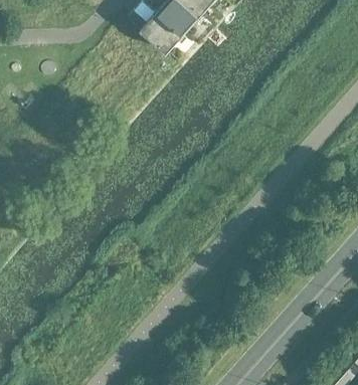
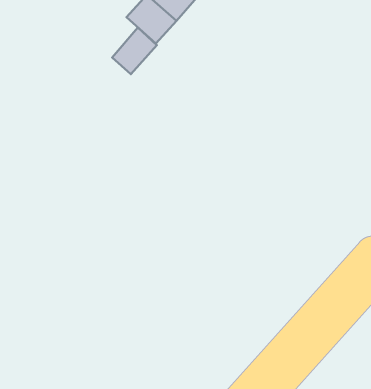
building: none -> [112,27,157,74]

